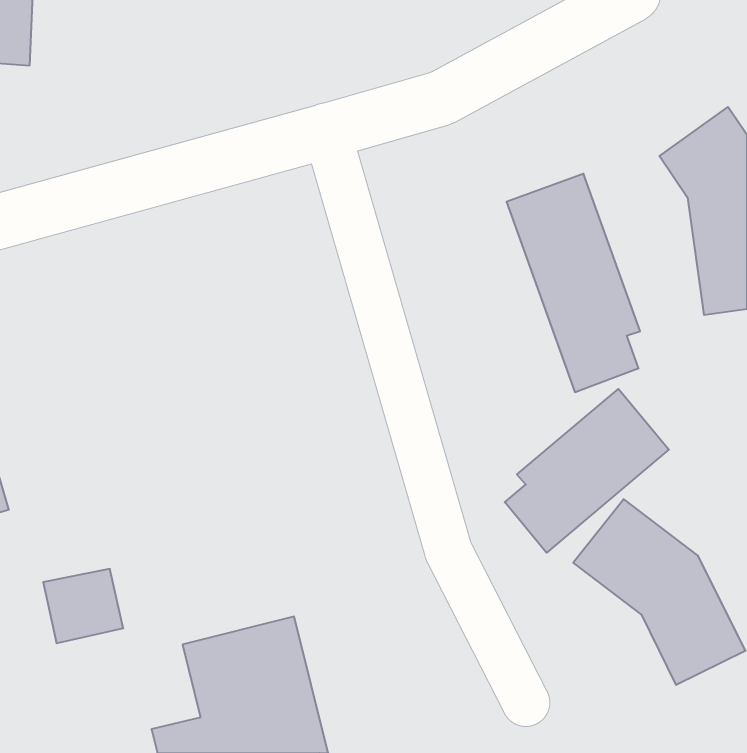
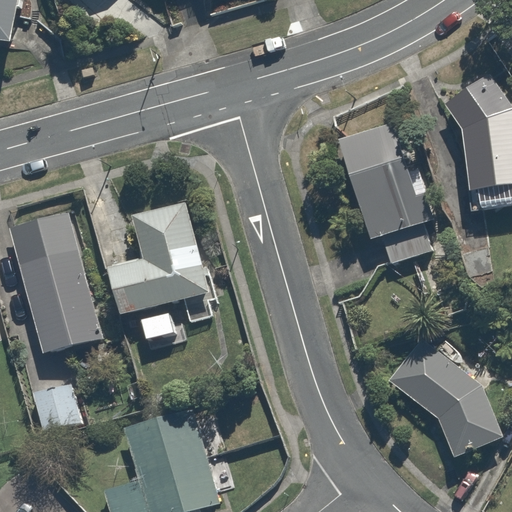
building: none -> [117,200,213,343]
building: none -> [10,212,99,353]
building: [505,389,669,553] -> none

